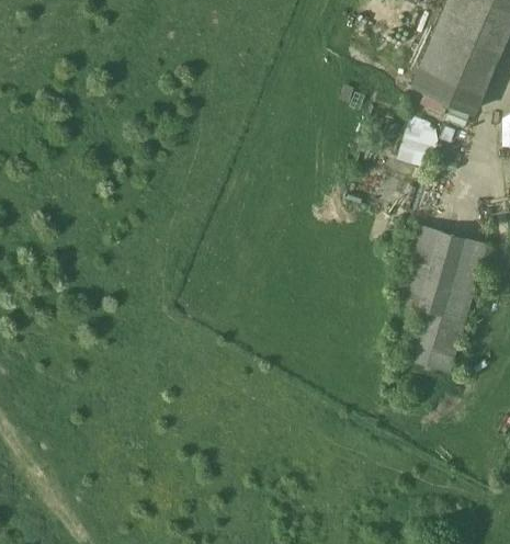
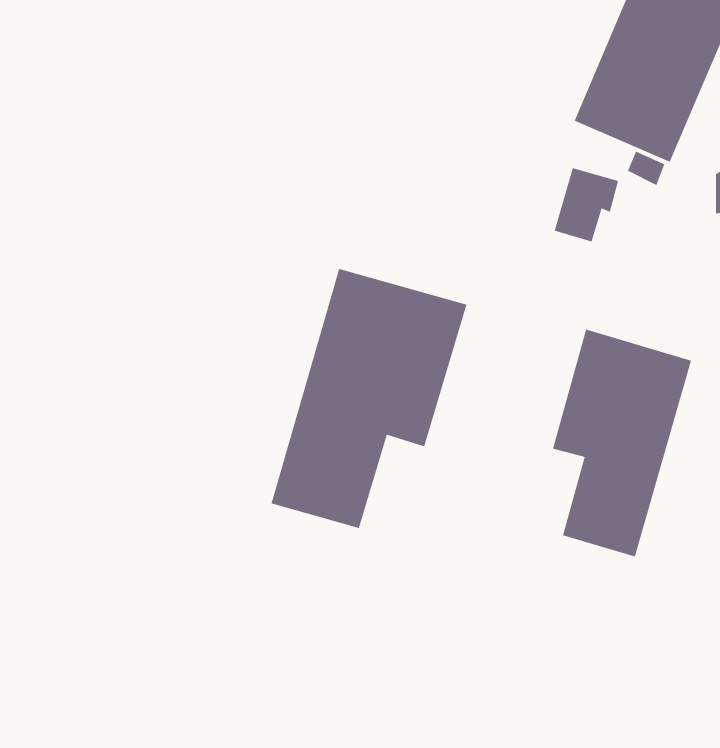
building: none -> [271,268,467,529]

